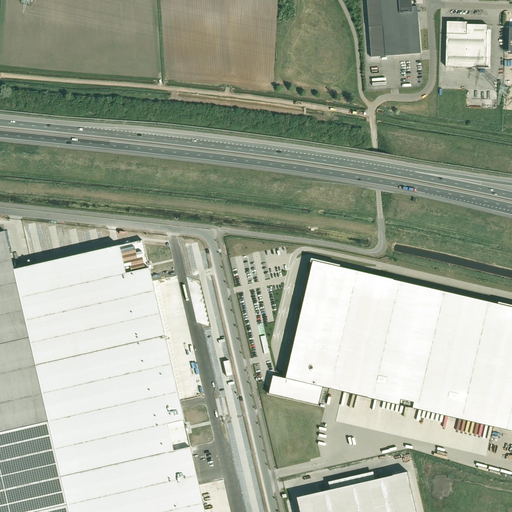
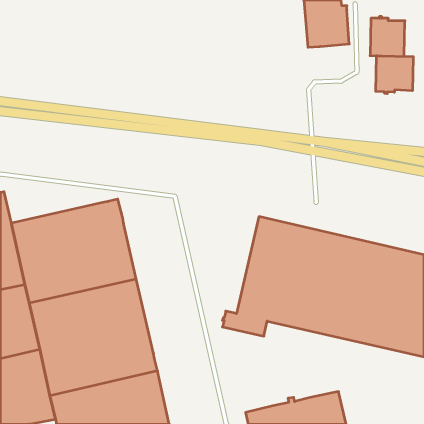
building: none -> [376,56,413,94]

